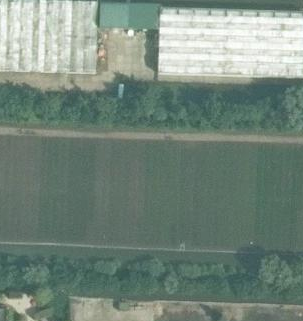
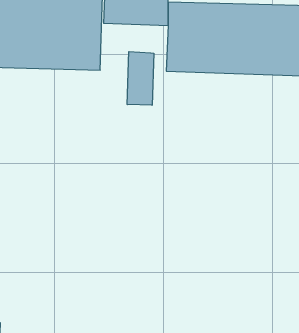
building: none -> [127,52,154,105]

